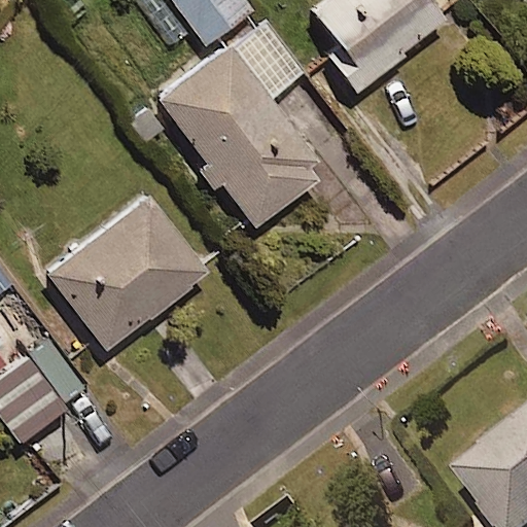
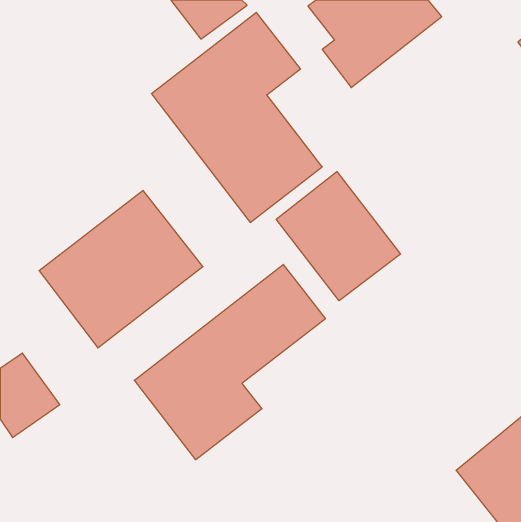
building: none -> [276,172,401,301]
building: none -> [134,264,325,460]

